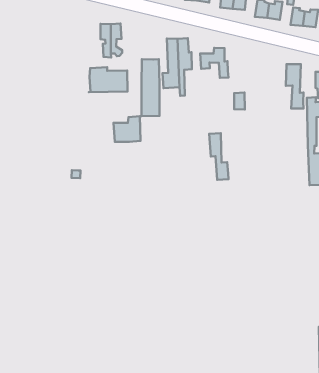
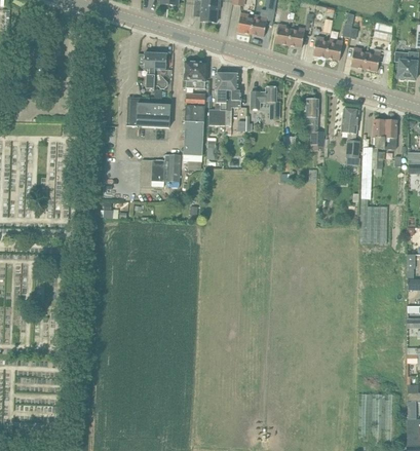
building: none -> [184,61,206,93]
building: [209,133,228,180] -> [306,99,323,149]

